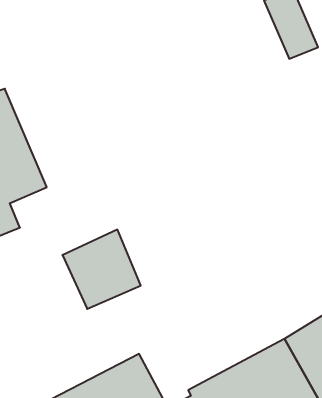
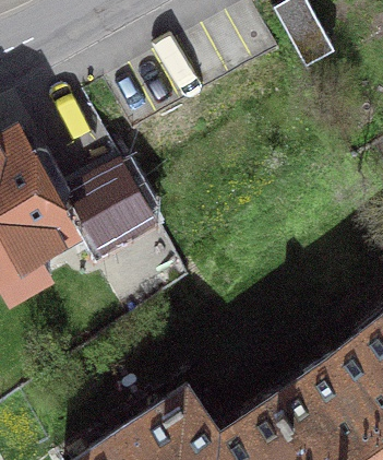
building: [62,230,141,309] -> [68,161,152,246]

